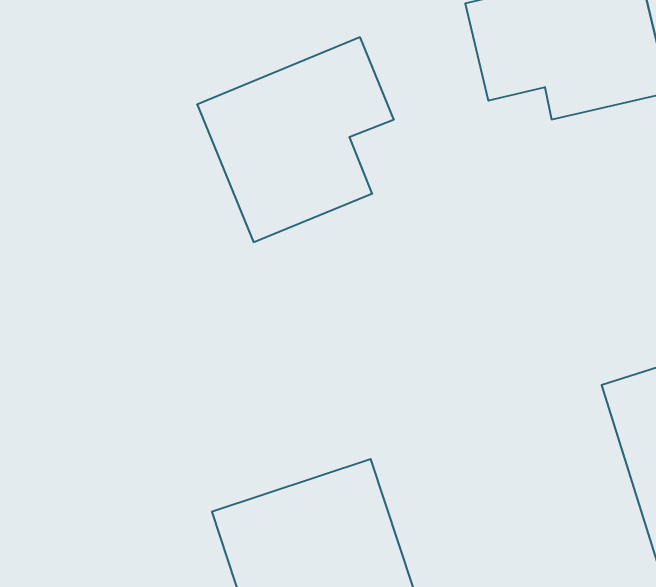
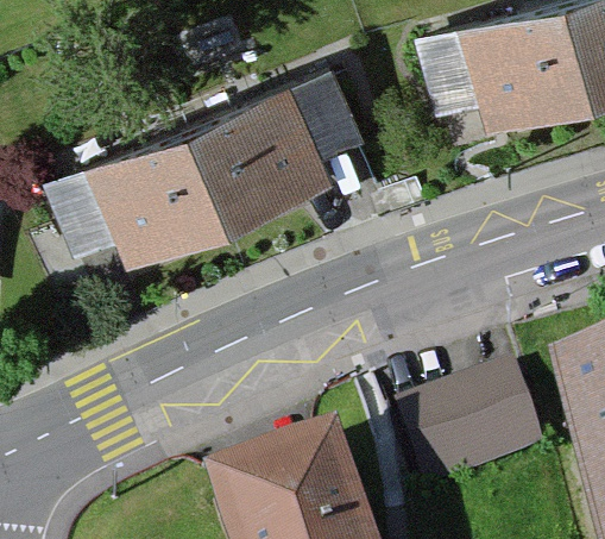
building: none -> [52,109,241,269]
building: none -> [404,372,553,497]

